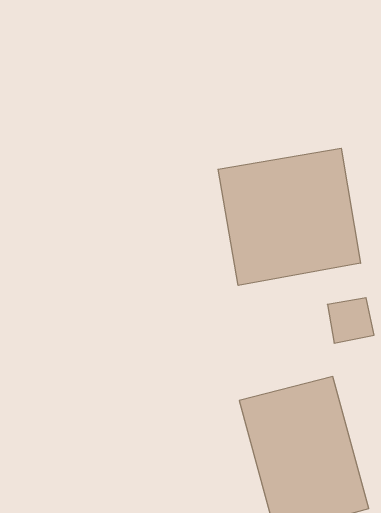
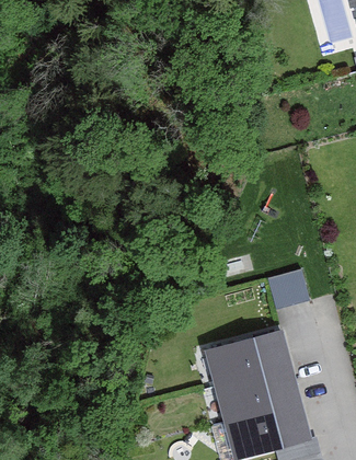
building: [218,148,361,285] -> none

